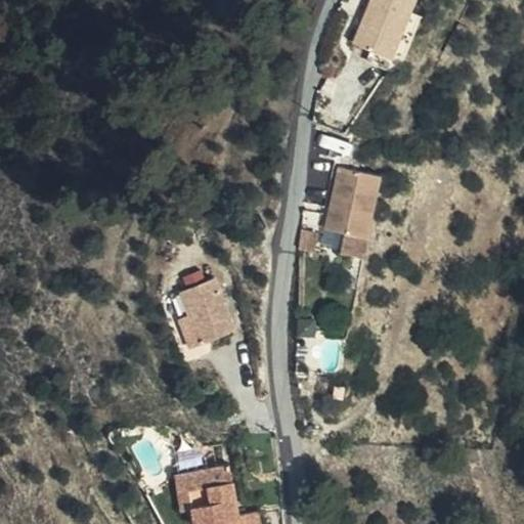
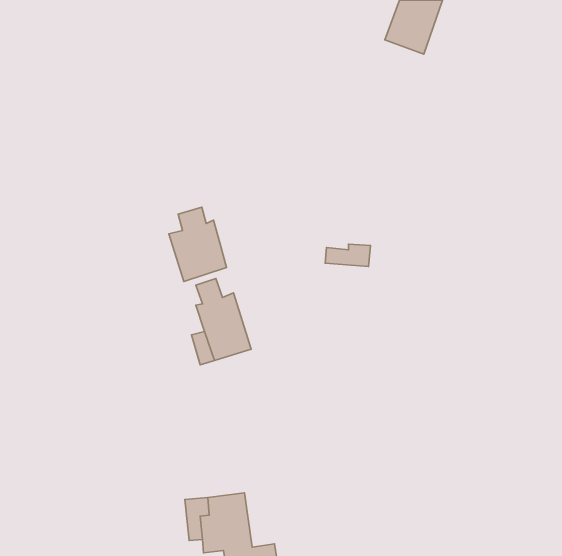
building: [325,167,385,239] -> none
building: none -> [169,207,227,281]

